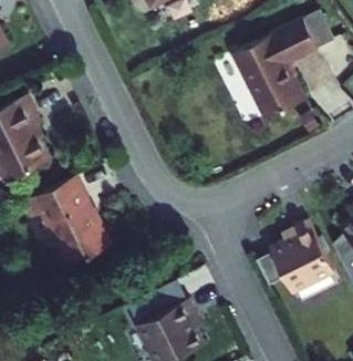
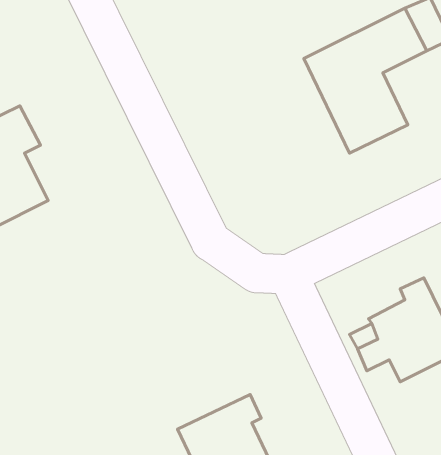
building: [19,177,111,267] -> none

